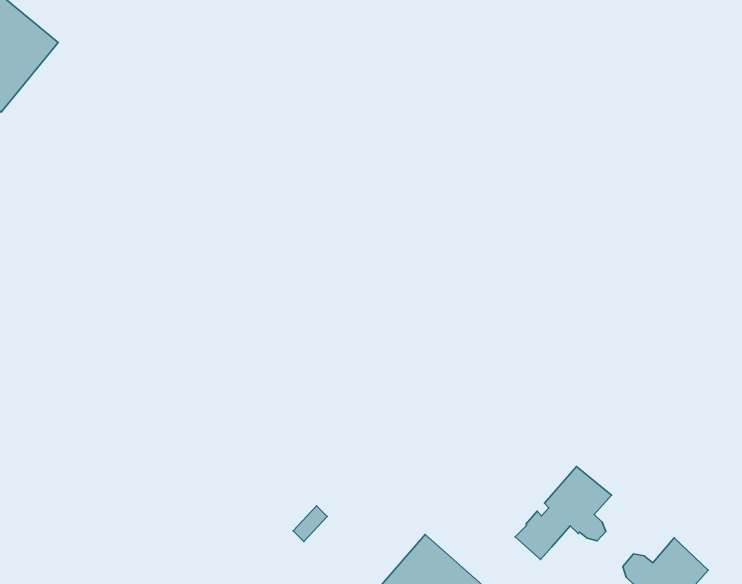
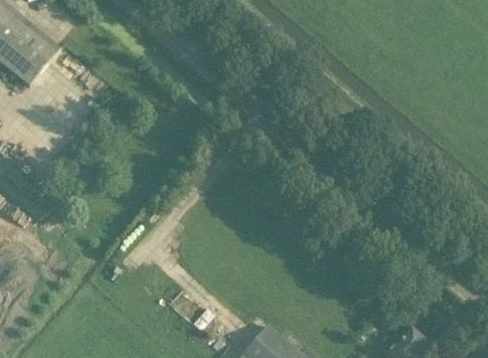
building: [515,466,611,560] -> none

